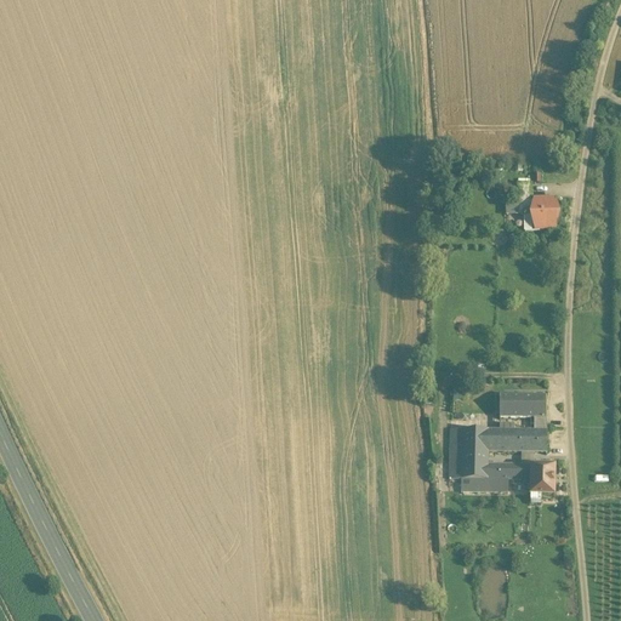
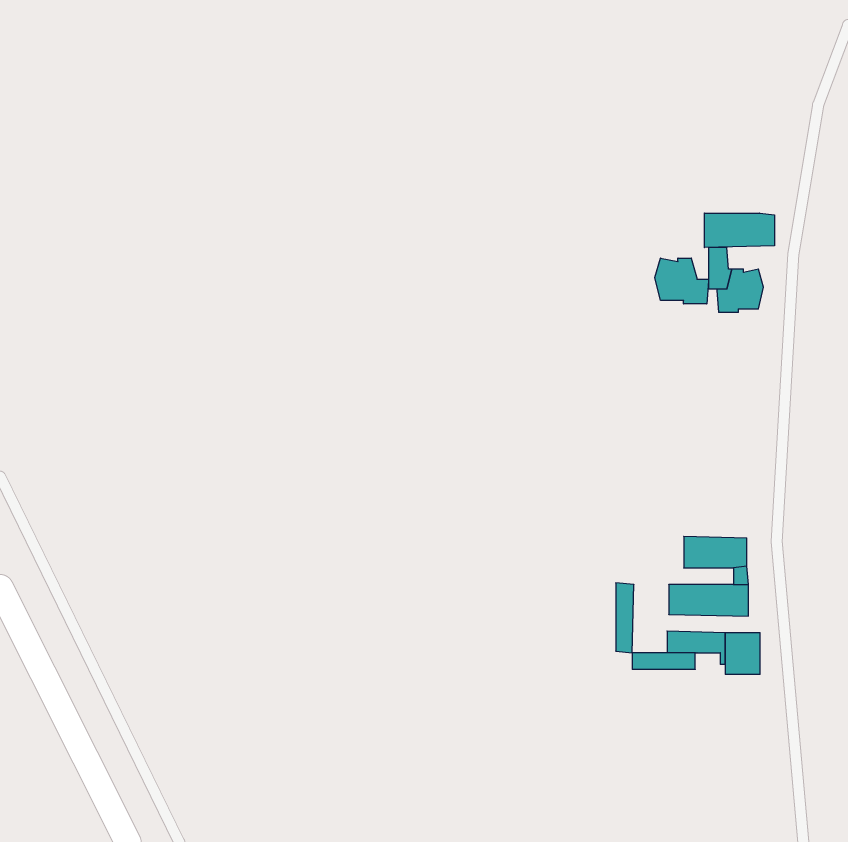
building: none -> [704,213,774,248]
building: none -> [655,258,709,304]
building: [462,427,489,477] -> none

